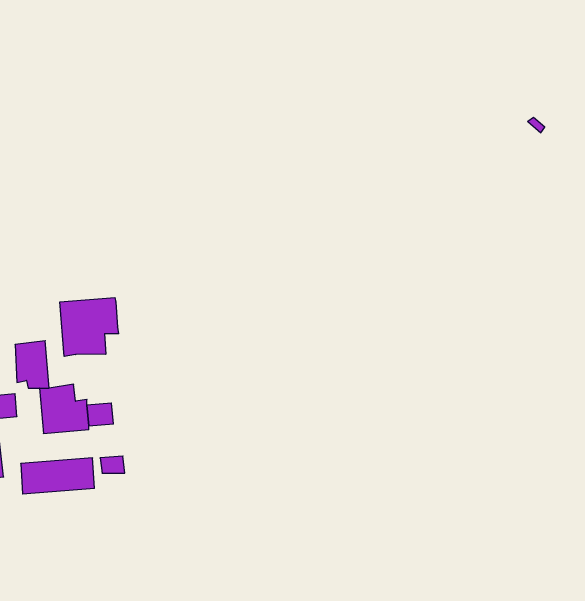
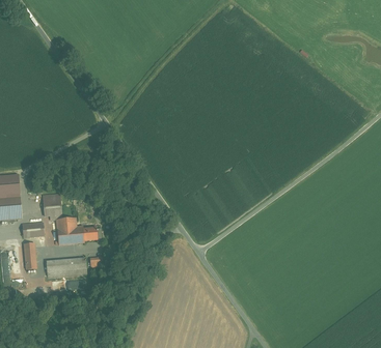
building: [60,298,119,356] -> none

